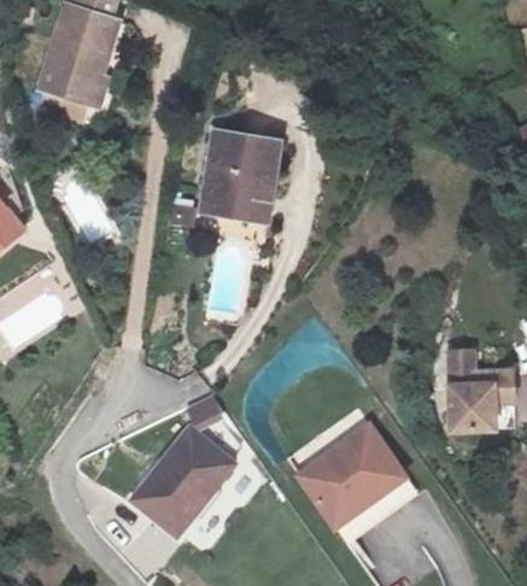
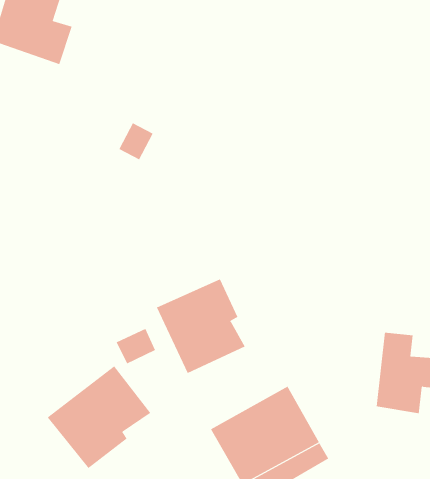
building: [209,133,286,222] -> none
building: none -> [156,278,245,374]

